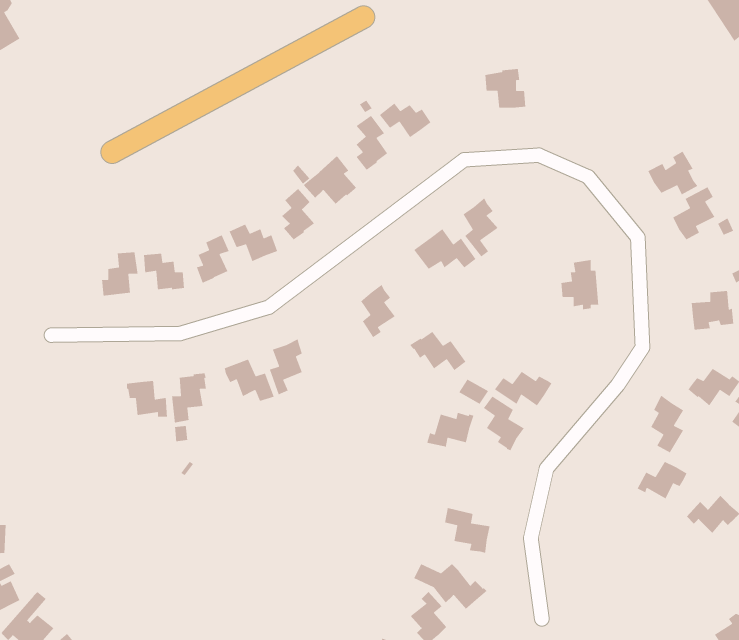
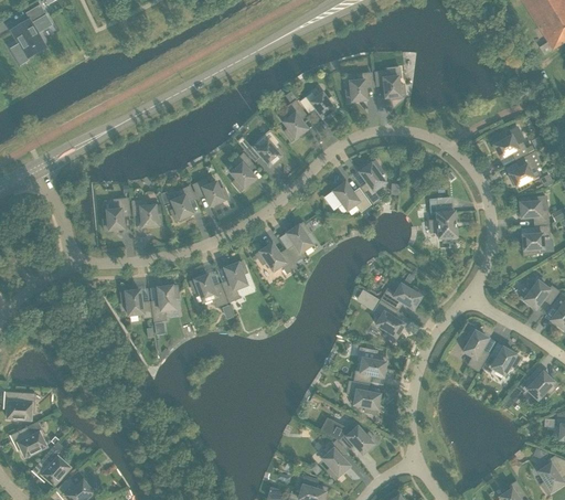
building: none -> [345,72,372,100]
building: none -> [520,194,547,223]
building: [409,331,467,371] -> [255,243,296,272]
building: [650,395,684,454] -> [463,327,488,369]
building: [426,412,474,448] -> [354,354,388,380]

